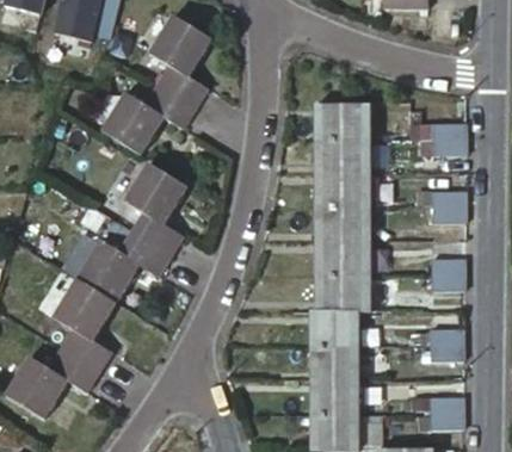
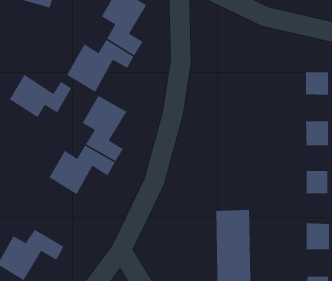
building: [314,107,369,312] -> none
building: none -> [9,74,72,118]
building: [61,268,123,361] -> none

